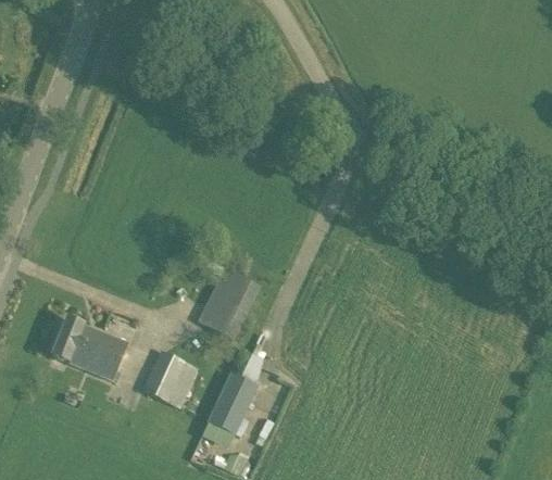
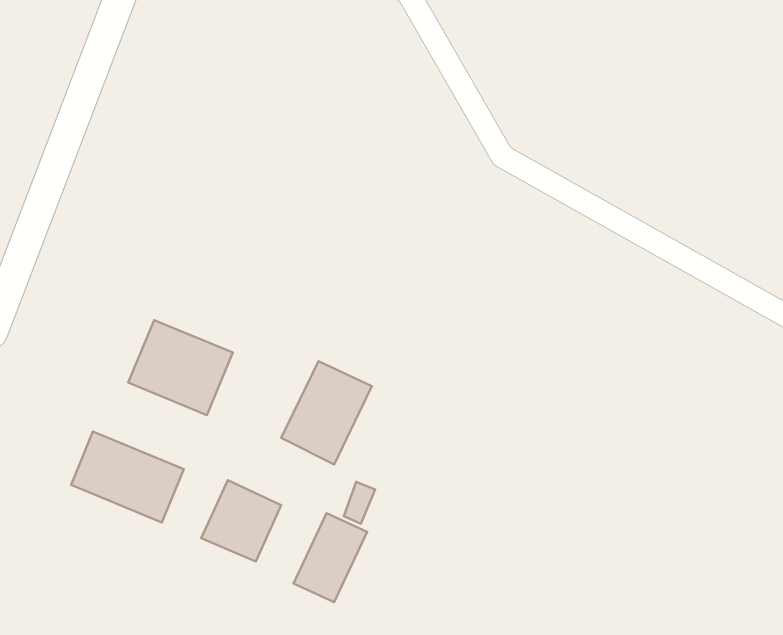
building: none -> [128,320,233,415]

